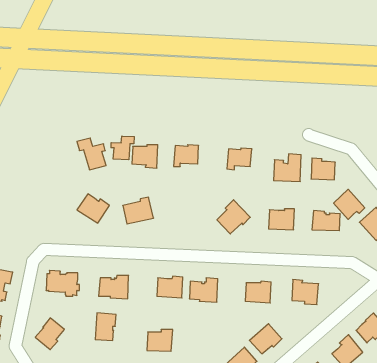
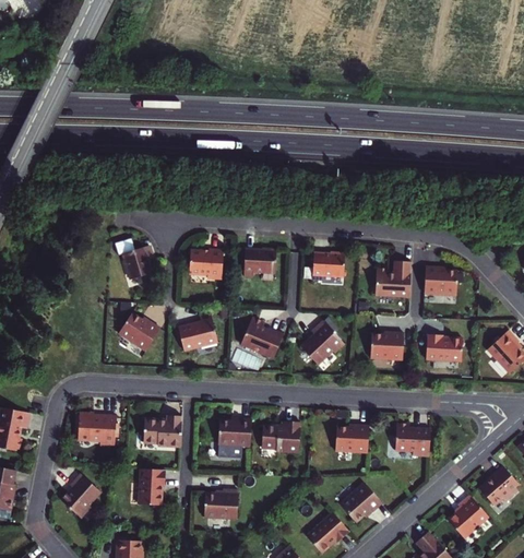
building: [111,136,134,160] -> none
building: [334,189,365,219] -> none
building: none -> [240,314,283,356]

